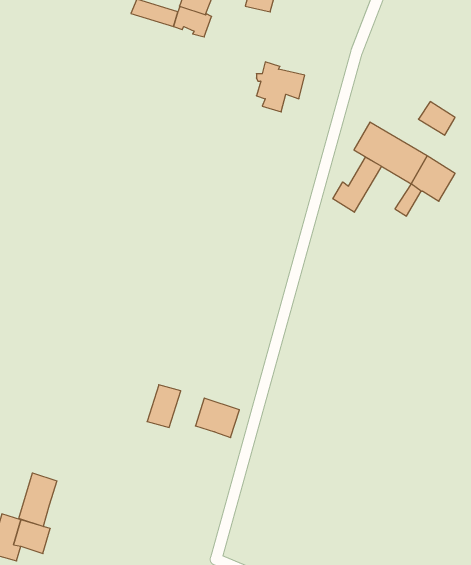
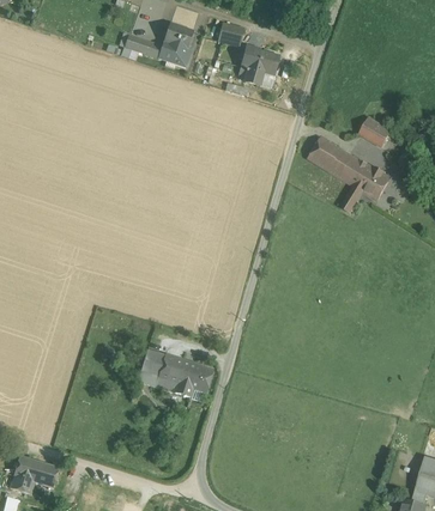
building: [256,62,305,112] -> [240,44,279,85]
building: [333,157,381,212] -> none
building: none -> [156,354,193,396]
building: [19,473,57,527] -> none

